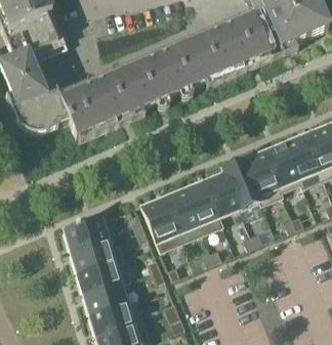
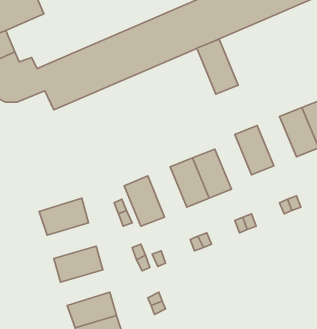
building: [264,141,300,186] -> none
building: [223,158,261,208] -> [197,39,238,94]
building: [164,187,200,233] -> none
building: [72,239,117,271] -> none
building: [84,282,129,314] -> none

